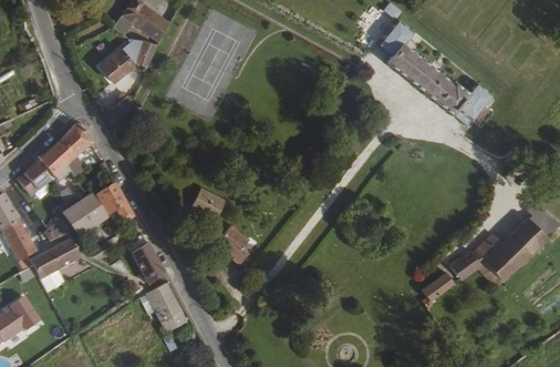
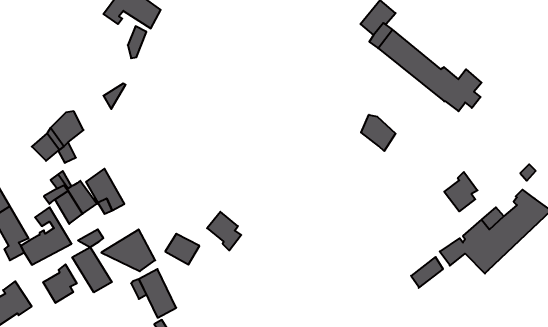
building: [101,50,132,82] -> none
building: none -> [361,115,396,151]
building: [17,162,51,196] -> none
building: none -> [444,172,478,211]
building: [189,187,224,218] -> [165,234,199,265]
building: none -> [72,247,112,292]
building: none -> [43,264,77,303]

